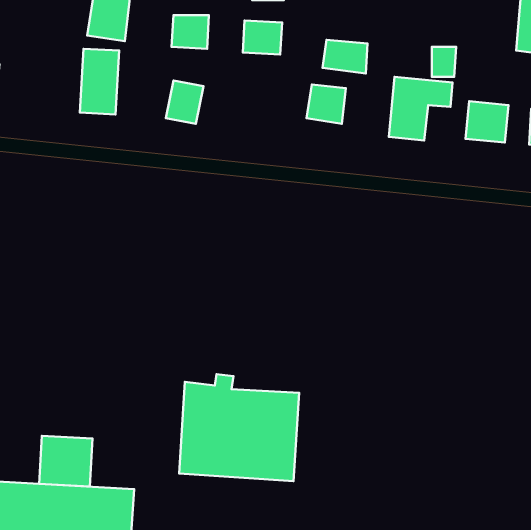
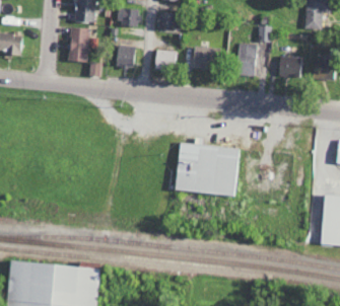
building: [323,40,368,73] -> [153,50,178,68]
building: [179,374,299,481] -> [174,137,239,195]
building: [39,436,92,487] -> none

